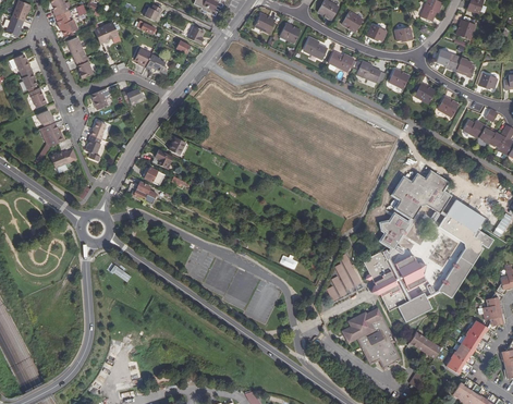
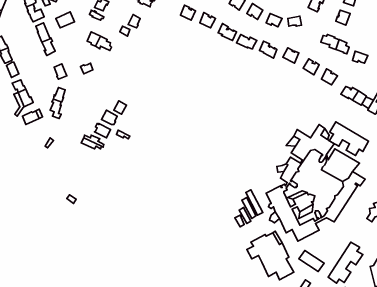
building: none -> [329,122,369,155]
building: [483,291,503,332] -> none

